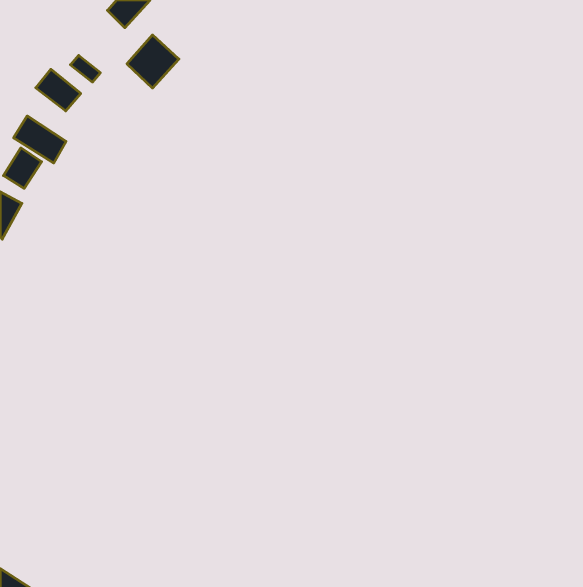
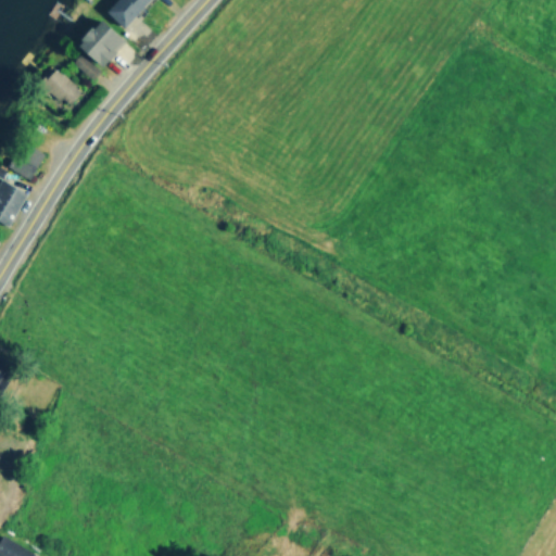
building: [127,35,179,88] -> [76,18,125,68]
building: [14,116,66,163] -> none

